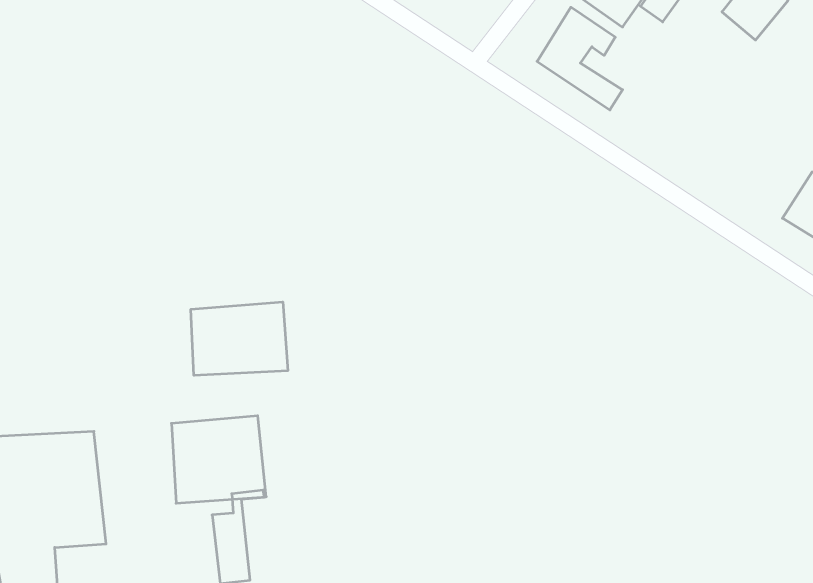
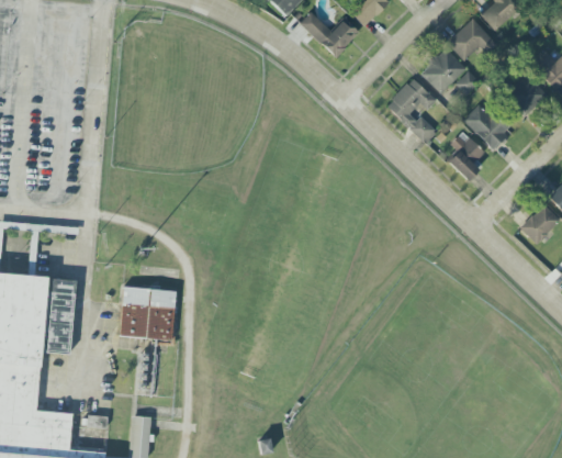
building: none -> [462,100,513,149]
building: none -> [446,131,484,180]
building: [191,302,288,375] -> none

